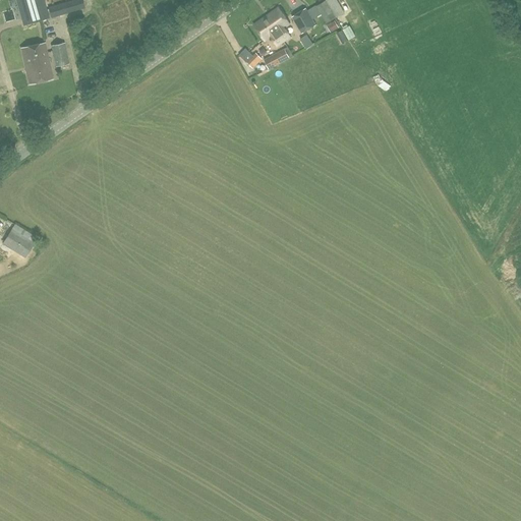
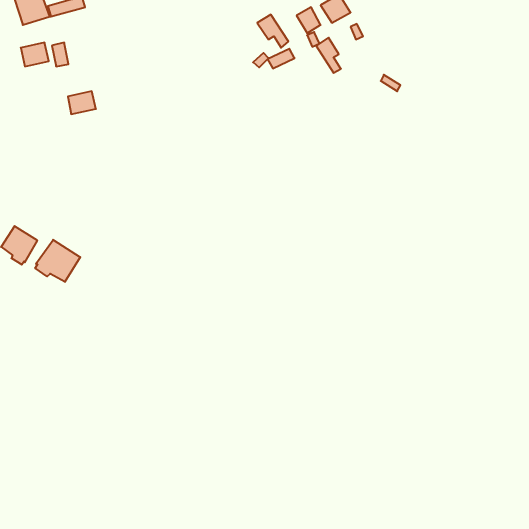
building: [266,6,290,41] -> [316,38,341,73]
building: [24,60,52,82] -> [68,91,96,114]
building: none -> [35,240,80,282]

